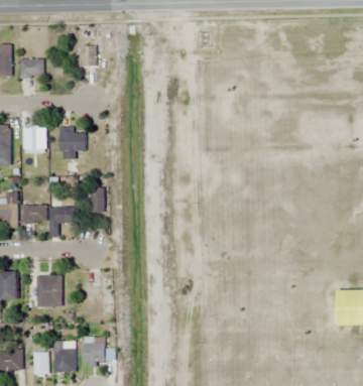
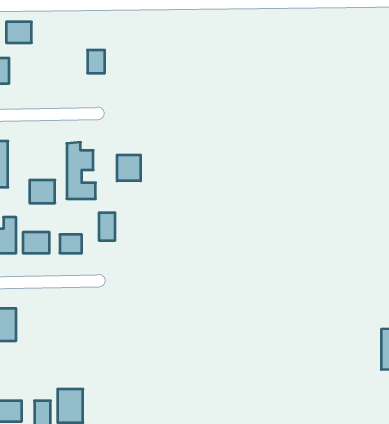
building: [20,58,42,77] -> [6,22,32,43]
building: [23,127,45,147] -> [30,180,55,203]
building: none -> [117,155,141,181]
building: [37,275,62,306] -> none
building: [82,342,106,364] -> none

